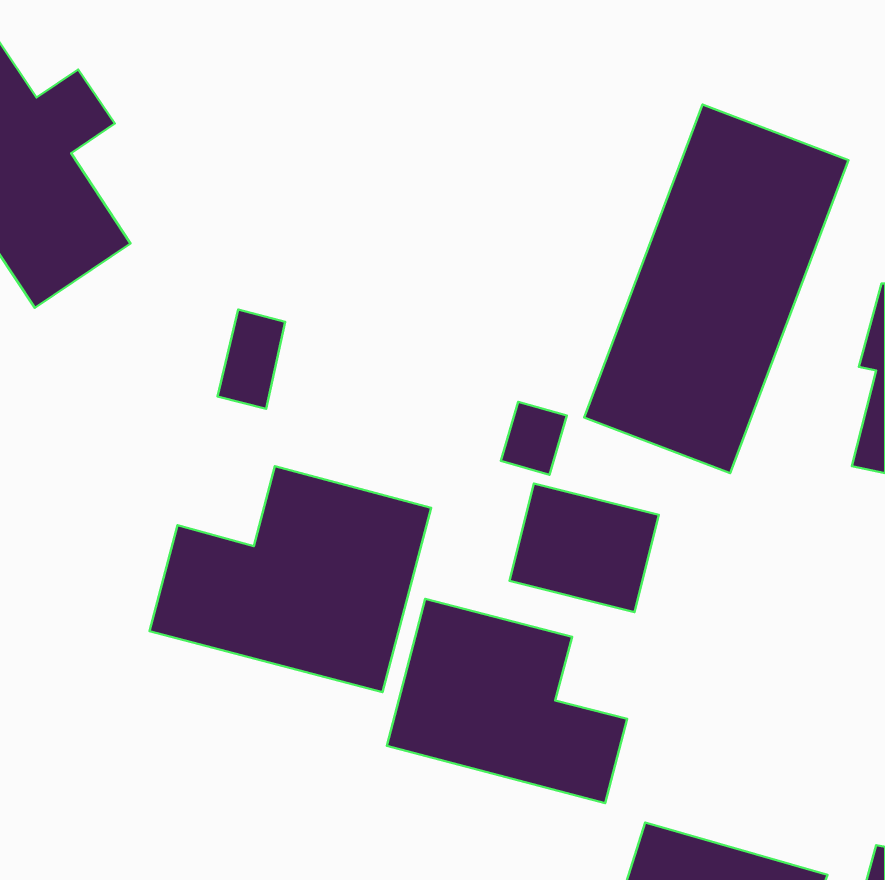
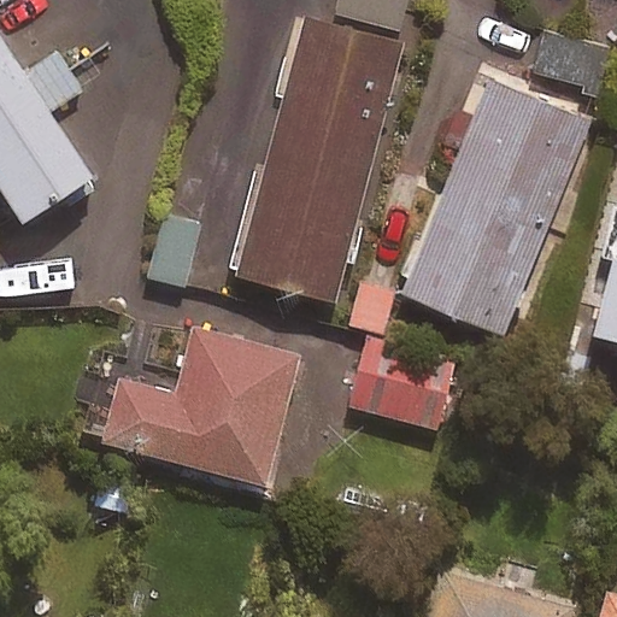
building: none -> [225,18,402,301]
building: [387,599,627,803] -> none

